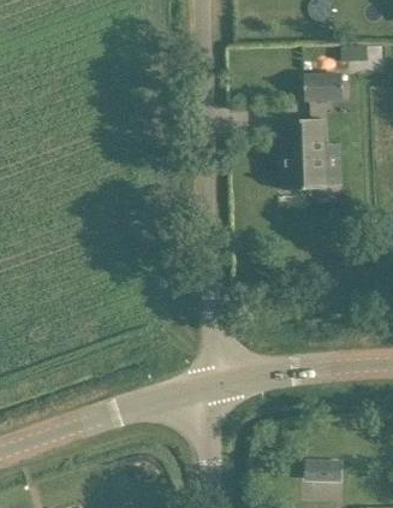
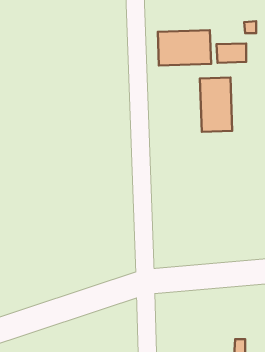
building: none -> [158,30,211,65]

